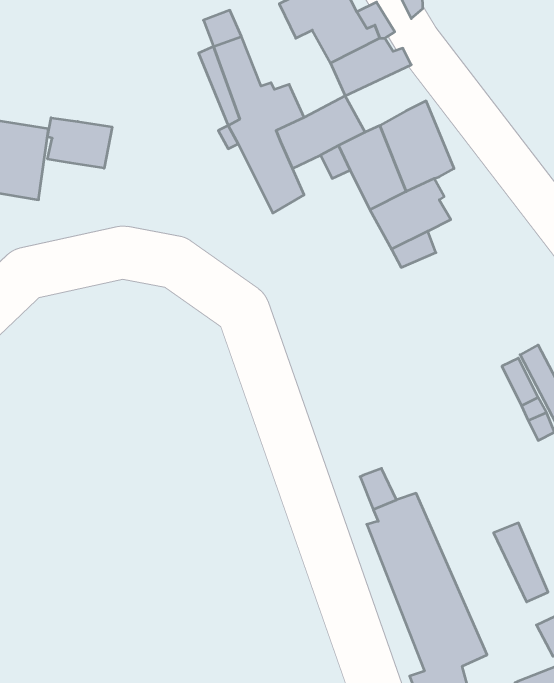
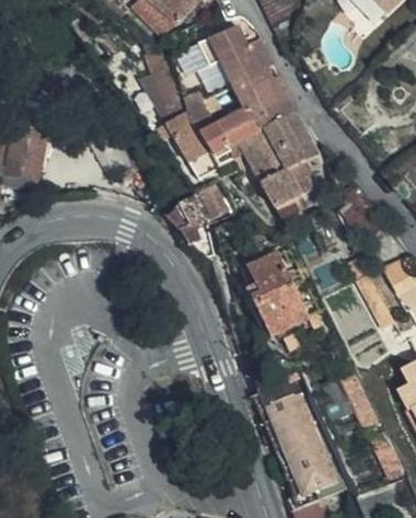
building: none -> [243,85,297,130]
building: [47,118,112,168] -> none
building: none -> [166,186,235,233]
building: none -> [246,255,308,337]

